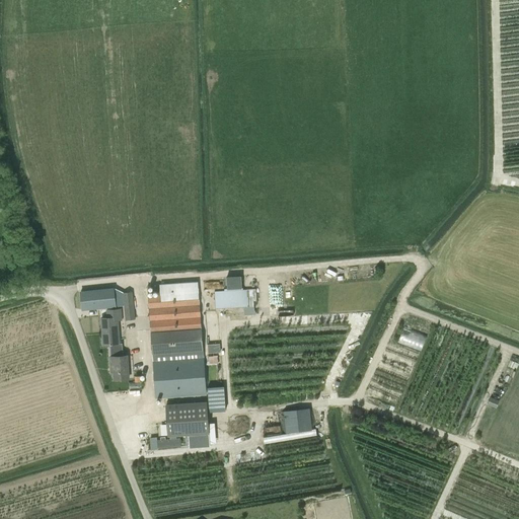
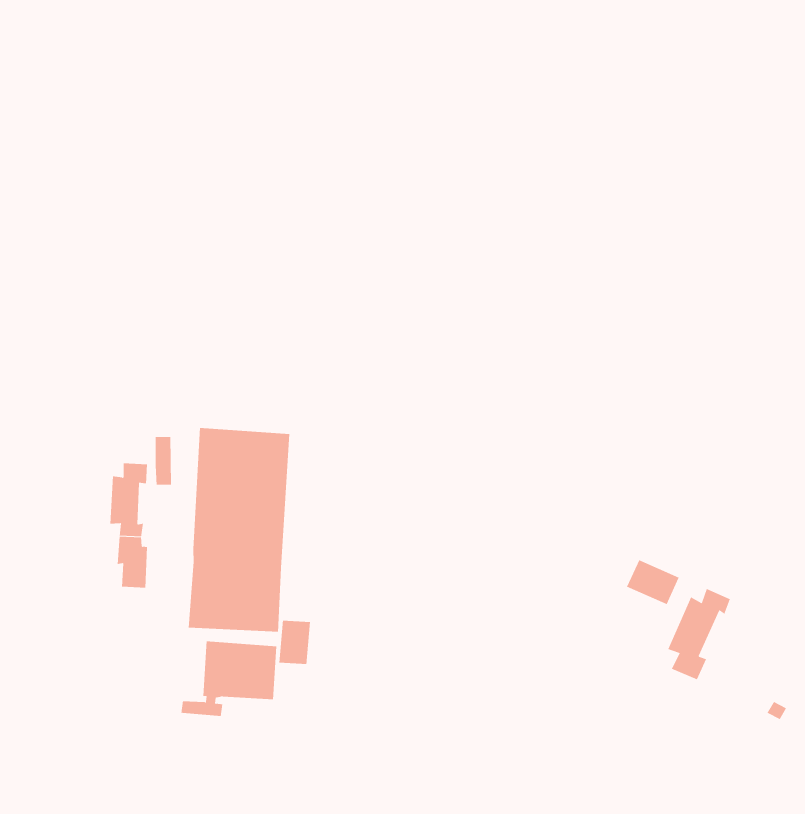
building: [81,289,116,311] -> none
building: [215,290,256,309] -> none
building: none -> [668,588,730,680]
building: [282,409,310,434] -> none

